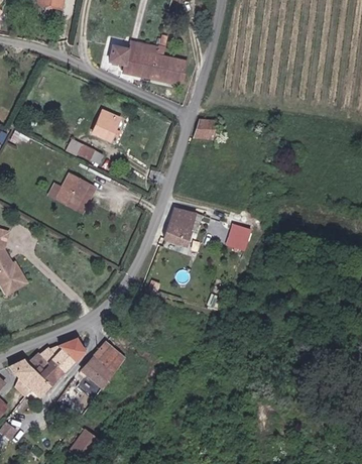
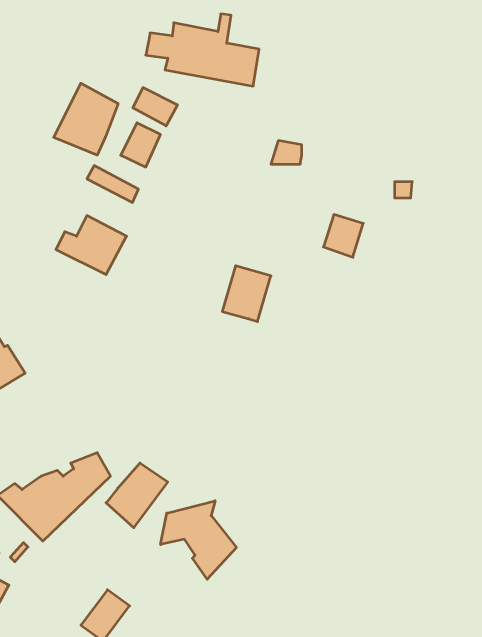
building: none -> [54,83,118,155]
building: none -> [133,88,177,126]
building: [224,222,251,251] -> [323,215,363,257]
building: none -> [161,501,236,579]

